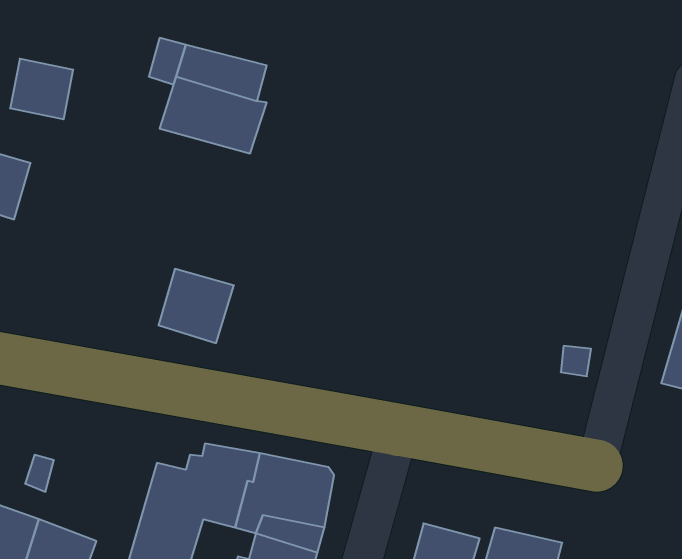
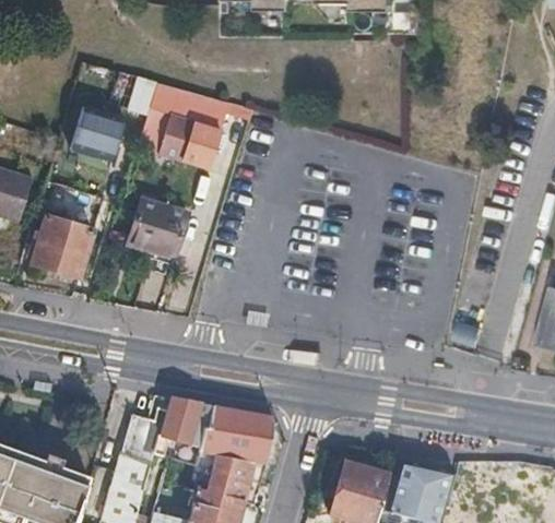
building: [10,59,73,119] -> [70,109,120,157]
building: none -> [31,216,91,277]
building: [158,269,234,343] -> [127,198,187,257]

